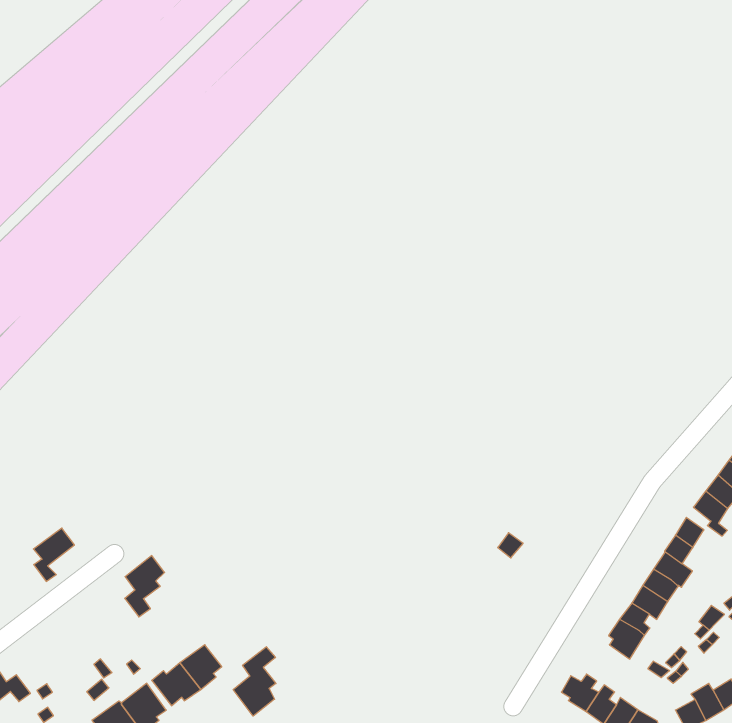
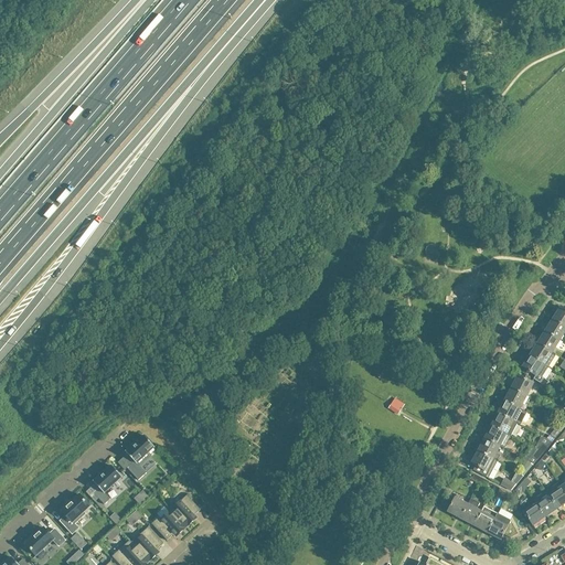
building: [33,528,74,581] -> [92,465,120,503]
building: none -> [58,493,88,534]
building: [233,647,276,716] -> none

